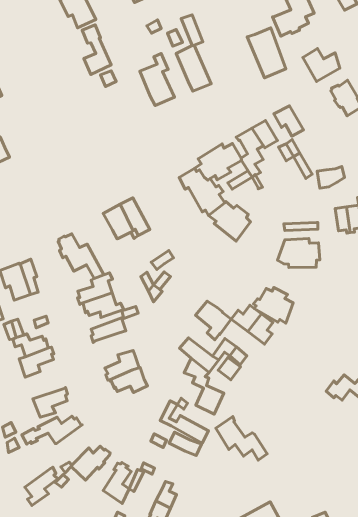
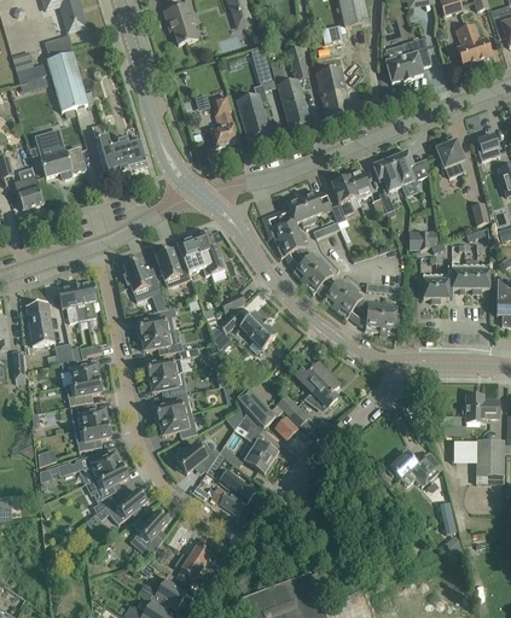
building: [82,25,111,75] -> [210,94,238,146]
building: [247,28,286,78] -> [314,65,350,117]
building: [303,48,340,82] -> [390,150,428,185]
building: none -> [95,134,146,175]
building: none -> [156,249,190,286]
building: [254,287,293,323] -> [323,279,365,319]
building: [195,301,231,340] -> [239,310,277,352]
building: none -> [149,371,187,395]
building: none -> [70,402,108,428]
building: none -> [175,439,219,472]
building: [216,416,267,460] -> none
building: [25,467,58,505] -> [92,462,128,500]

